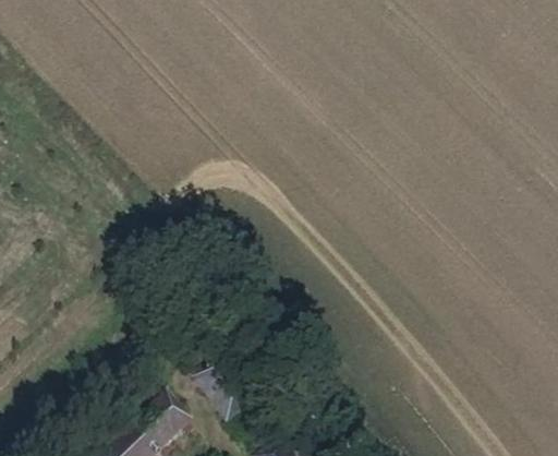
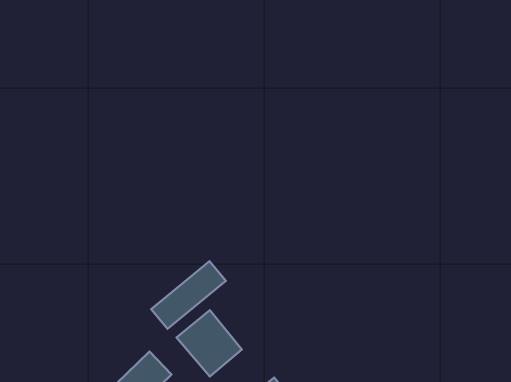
building: none -> [151,261,226,329]

